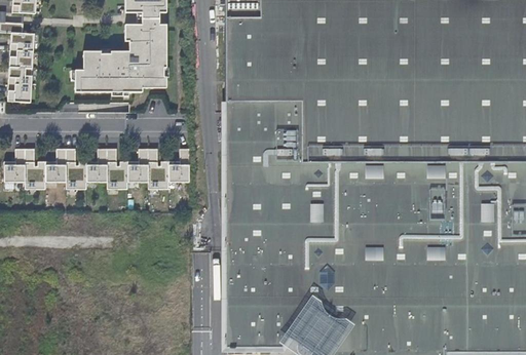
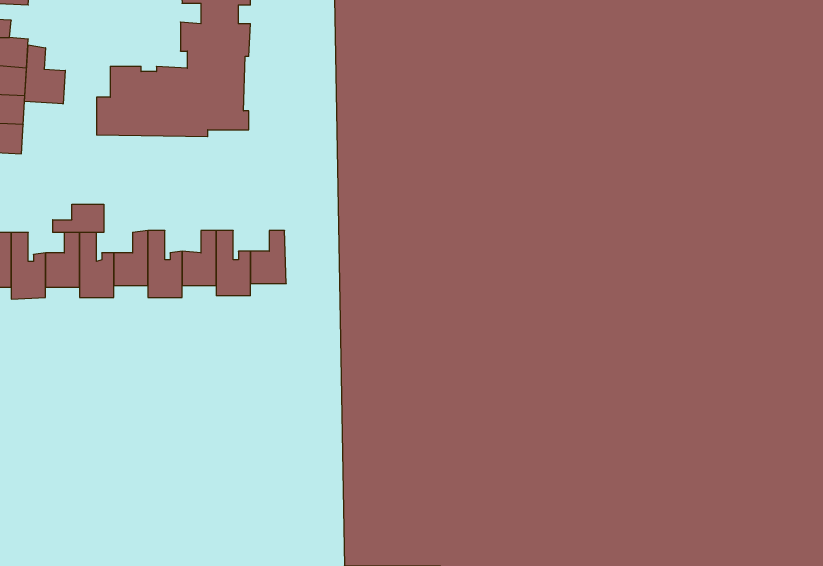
building: none -> [25,45,65,104]
building: none -> [53,204,104,232]

